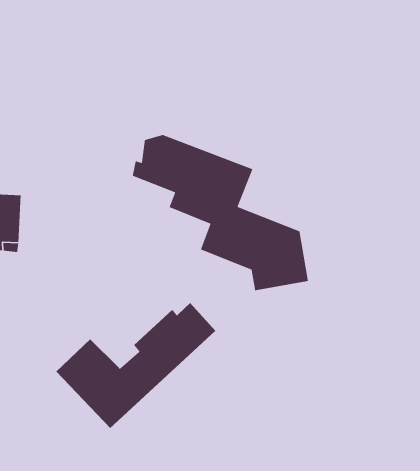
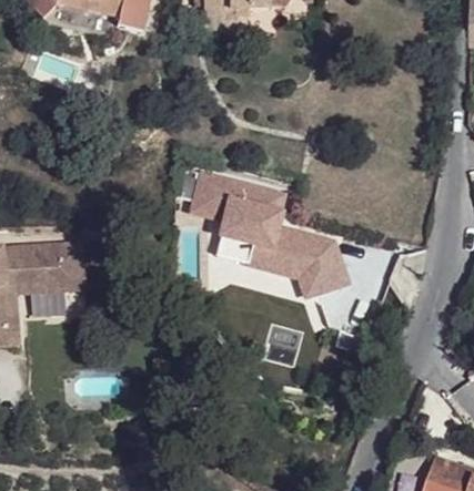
building: [55,302,216,429] -> none

